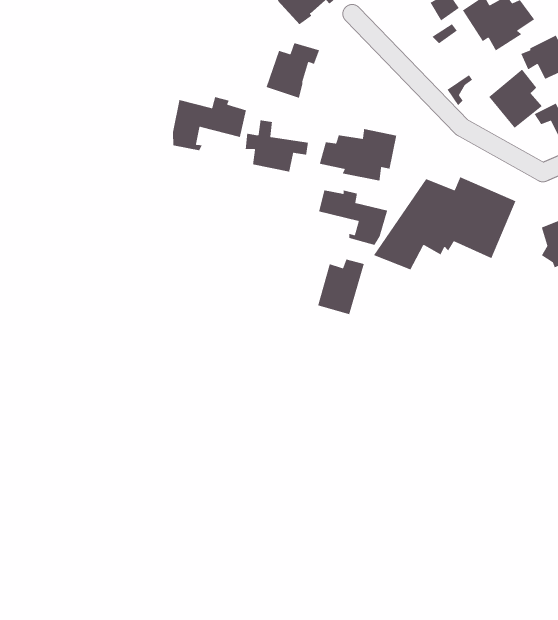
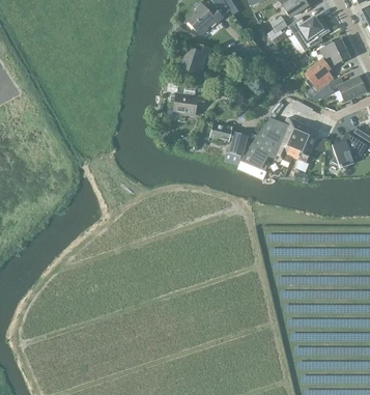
building: [172,96,247,151] -> none
building: [319,128,397,182] -> none
building: [317,258,365,315] -> none

